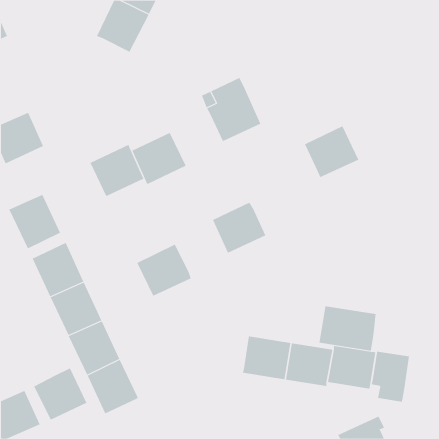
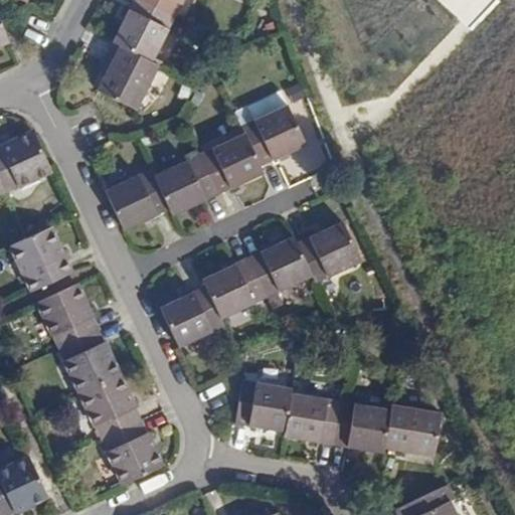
building: none -> [97,45,159,111]
building: none -> [199,134,264,194]
building: [304,125,359,178] -> [297,221,361,283]
building: none -> [202,258,267,318]
building: [319,306,376,351] -> none
building: none -> [235,380,292,432]
building: [371,351,410,403] -> none
building: [33,368,87,420] -> none

